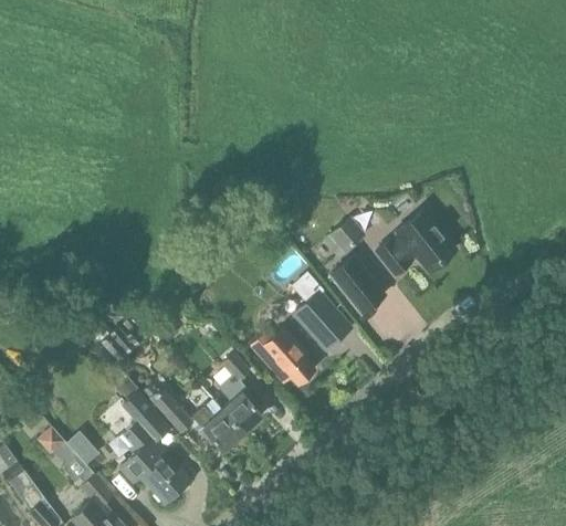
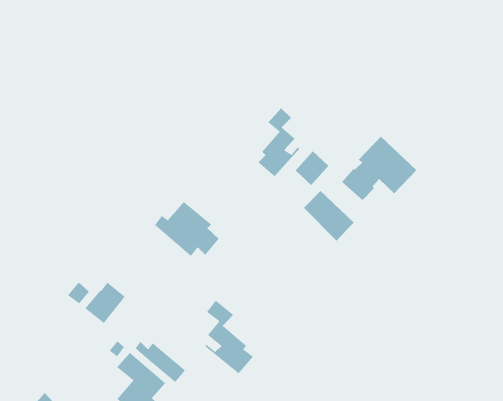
building: none -> [257,107,300,177]
building: [293,292,343,351] -> none
building: [250,327,314,386] -> [154,201,219,257]
building: [192,399,245,449] -> none

